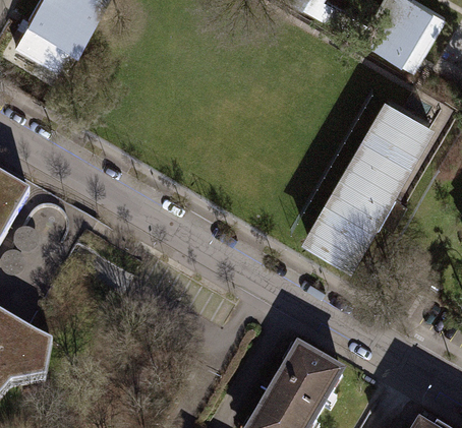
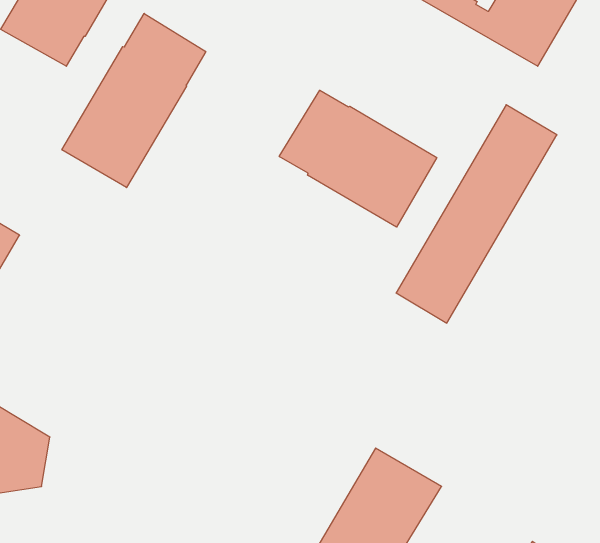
building: none -> [62,13,206,188]
building: none -> [279,90,437,227]

